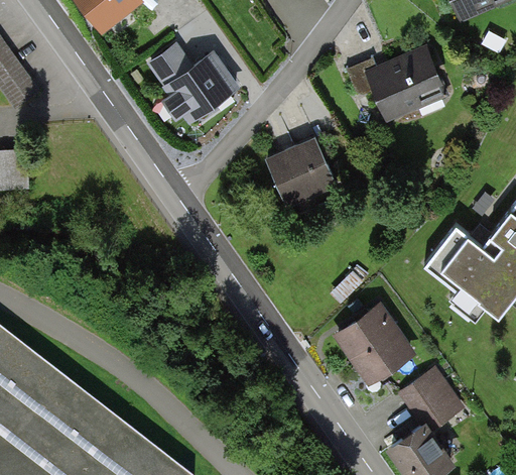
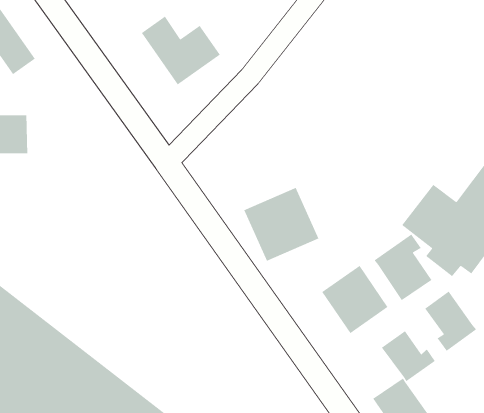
building: [364,35,462,122] -> none
building: [263,127,343,206] -> [243,187,319,262]
building: none -> [373,234,433,301]
building: none -> [424,290,477,352]

